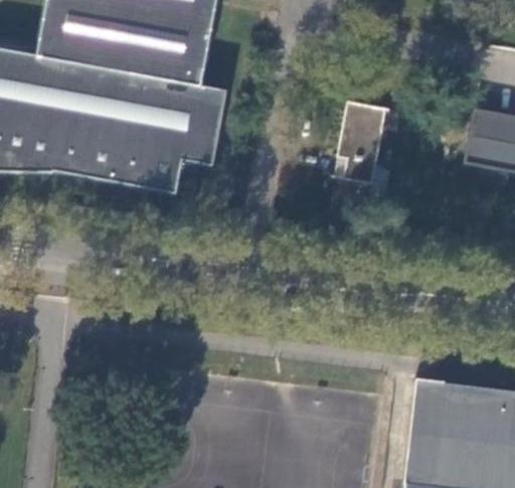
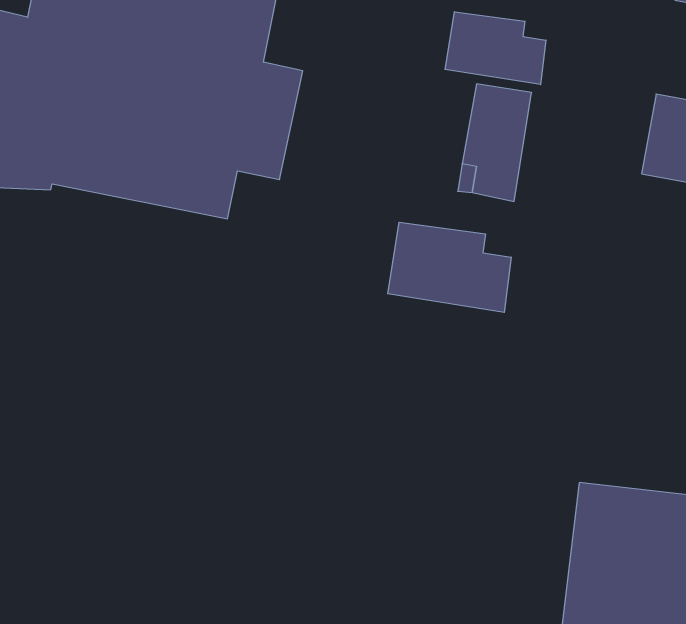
building: none -> [445,12,546,85]
building: none -> [388,222,511,312]

